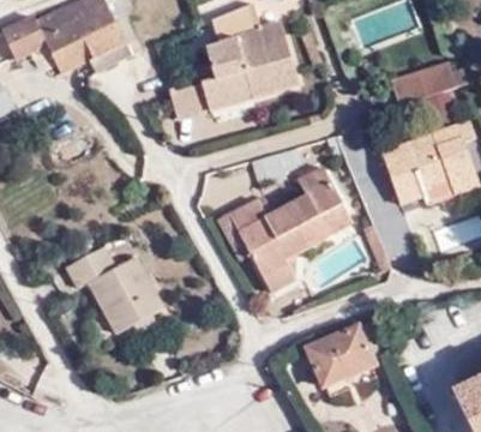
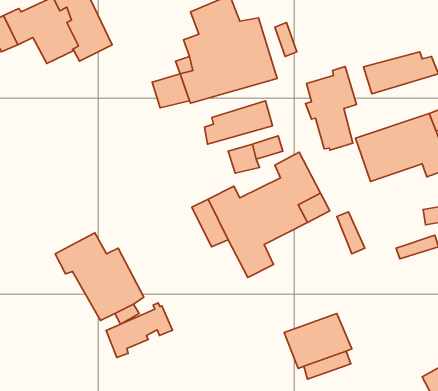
building: none -> [306,66,357,150]
building: none -> [205,101,272,144]
building: none -> [106,303,172,358]

